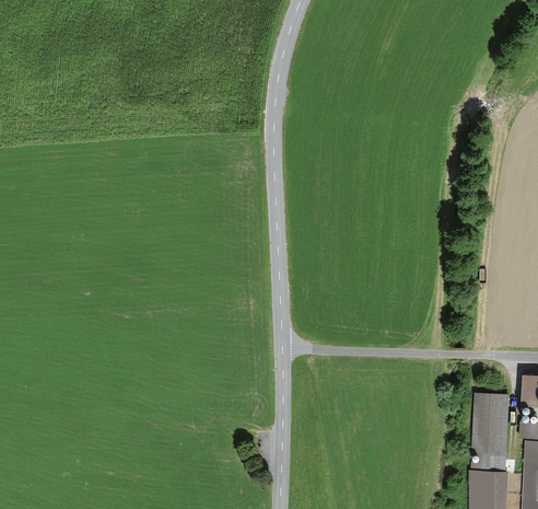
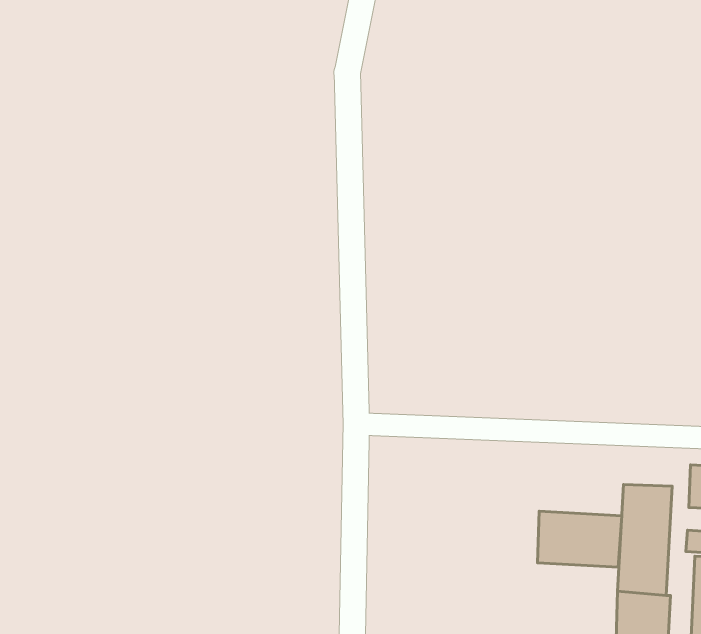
building: none -> [538,511,622,567]

